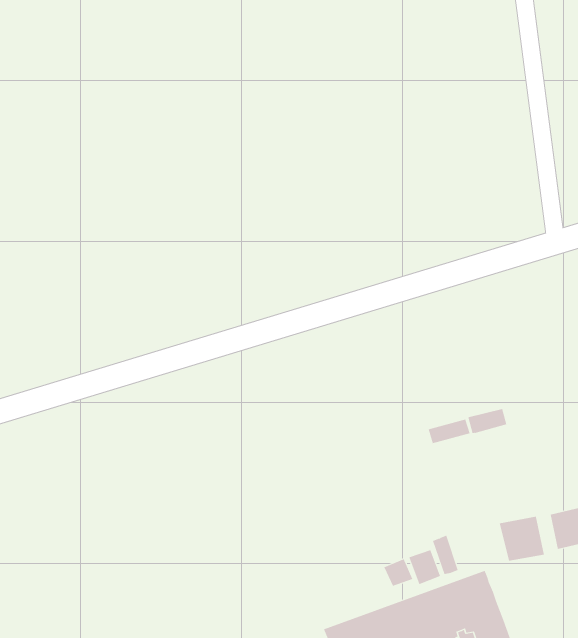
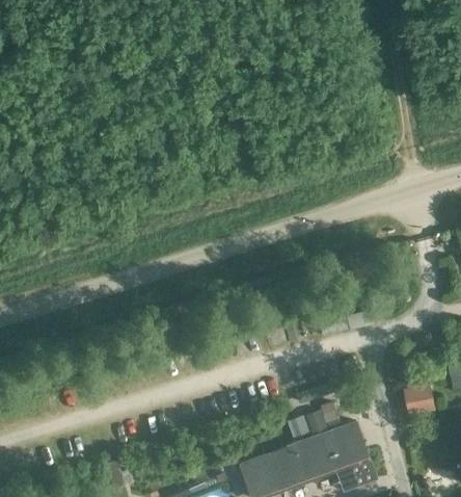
building: [499,516,545,562] -> none

